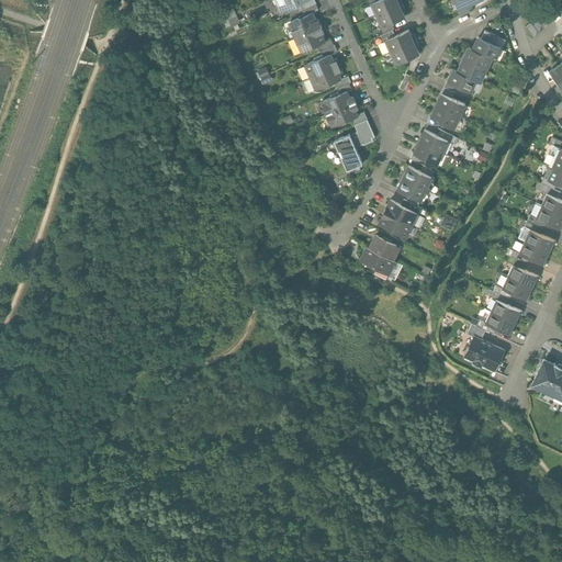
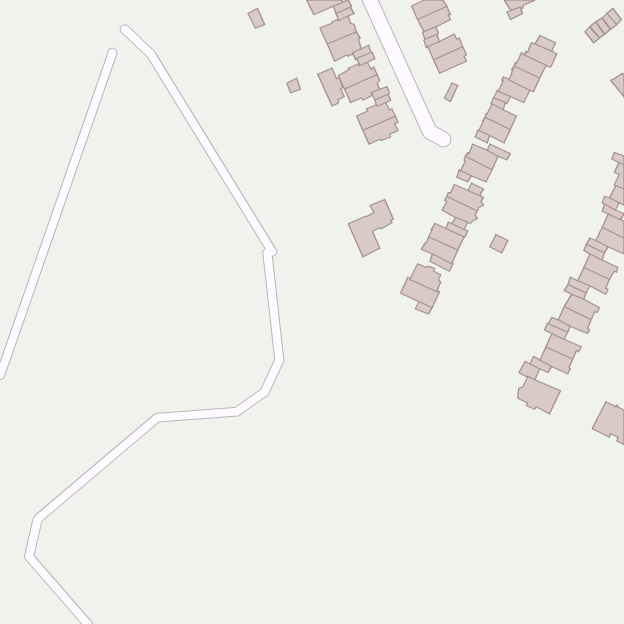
building: none -> [318,68,344,106]
building: [334,121,374,172] -> [348,199,393,257]

